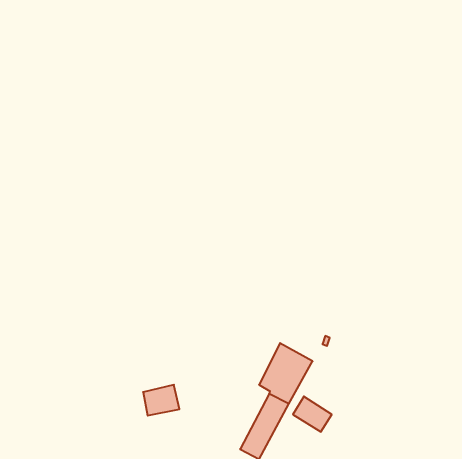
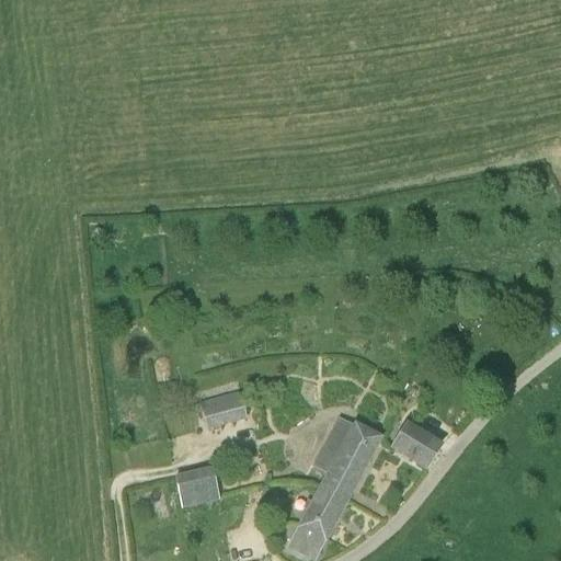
building: none -> [199,389,248,427]
building: [293,396,332,432] -> [393,424,440,467]

